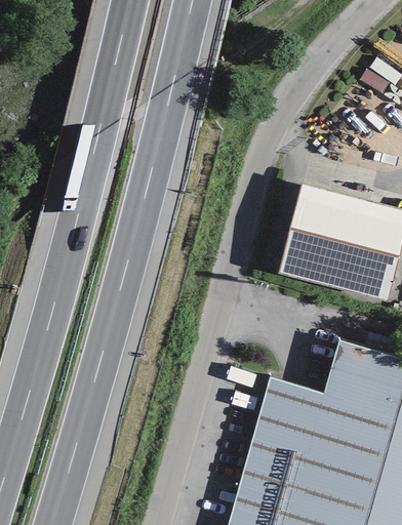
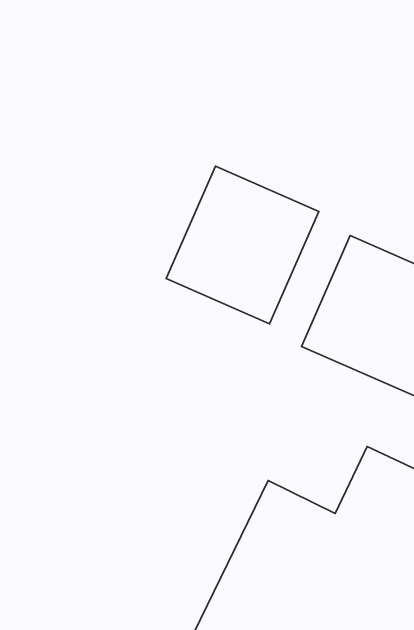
building: none -> [166,166,319,324]

